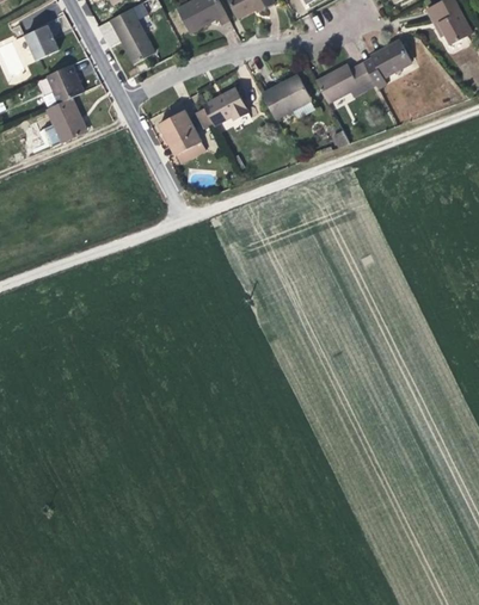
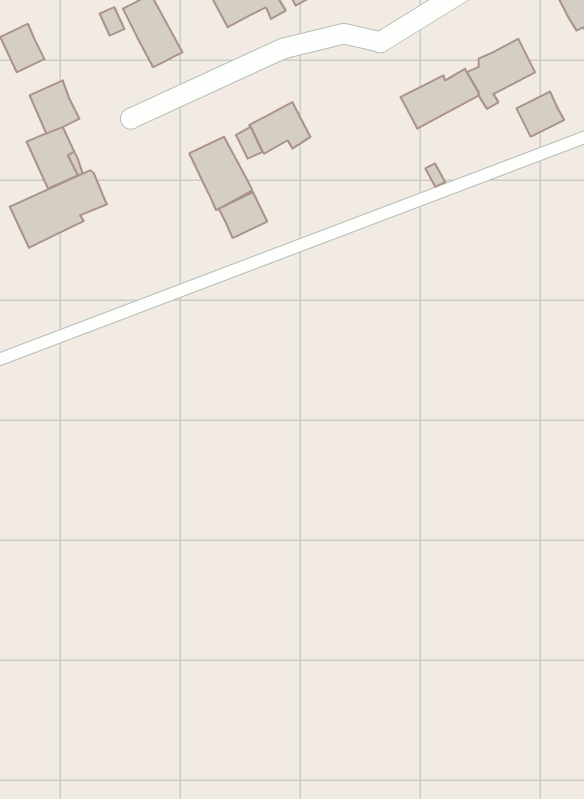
building: [263,75,309,116] -> none
building: none -> [517,91,564,137]
building: none -> [10,170,107,248]
building: none -> [219,192,267,238]

